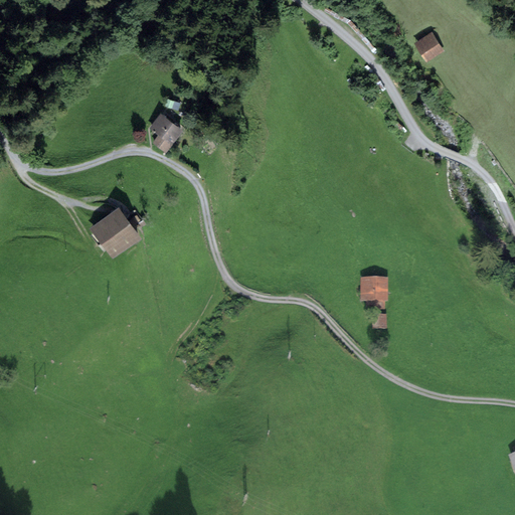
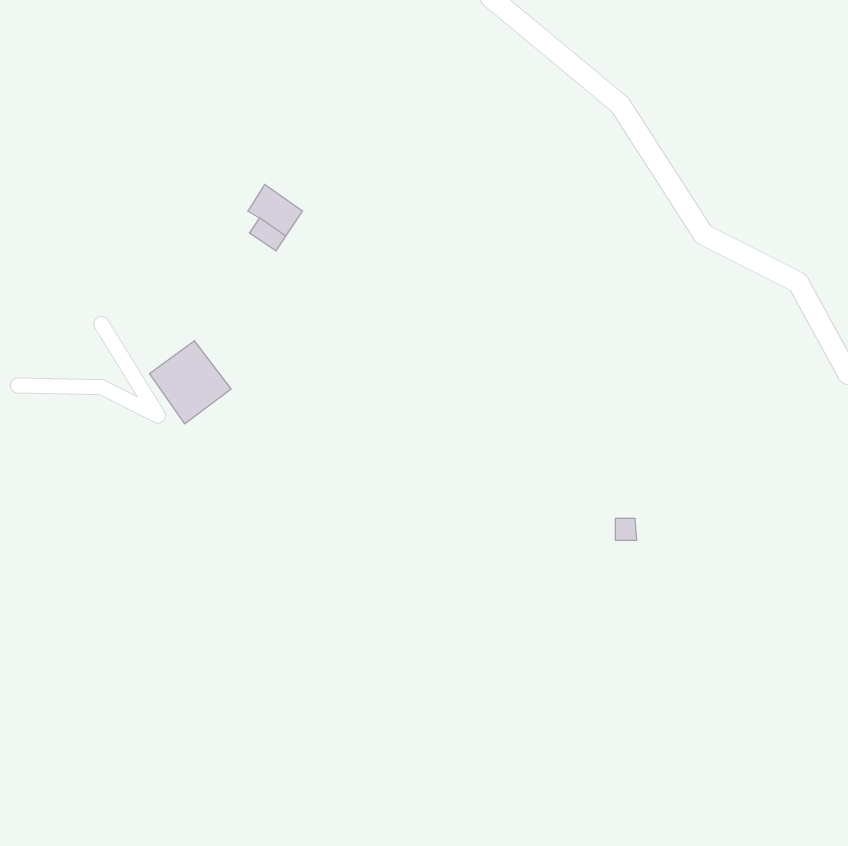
building: [413,30,444,60] -> none
building: [360,279,386,307] -> none

